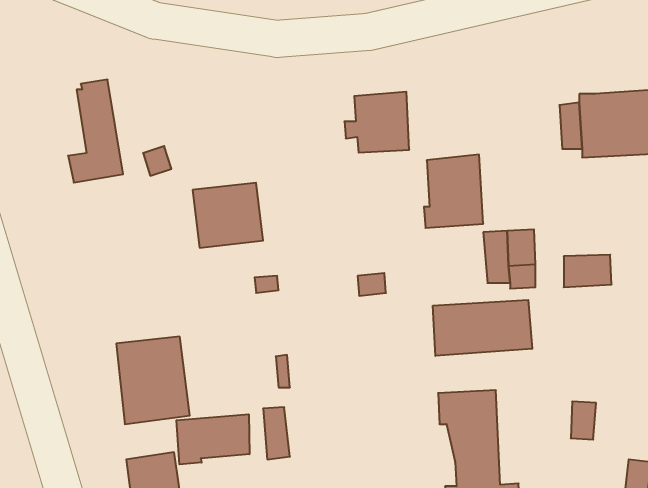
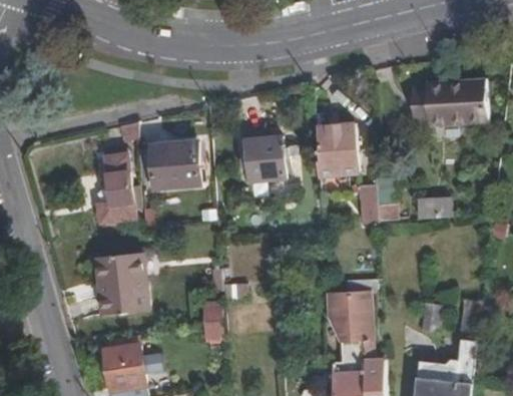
building: [68,80,123,183] -> [96,154,135,228]
building: [344,92,409,153] -> [236,137,283,180]
building: [433,300,532,356] -> none
building: [176,414,249,464] -> none

